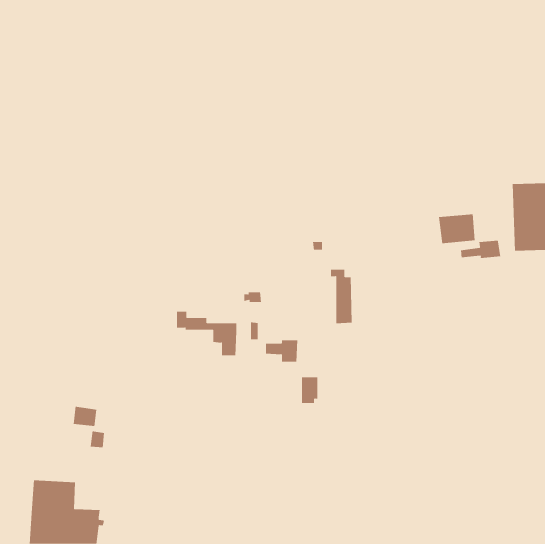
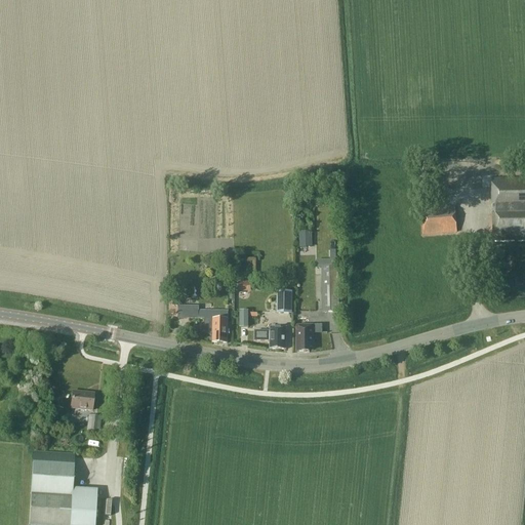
building: [460,240,501,259] -> none
building: none -> [277,290,293,313]
building: [301,377,318,403] -> [297,324,314,350]

